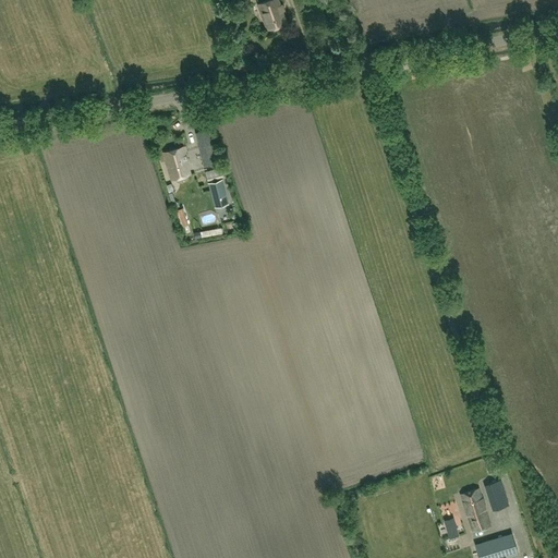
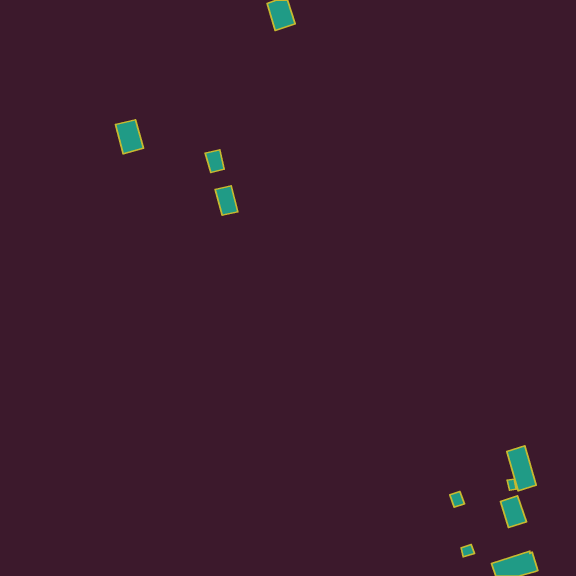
building: [163,148,191,181] -> [115,120,144,154]
building: [461,489,489,533] -> [507,446,536,491]

